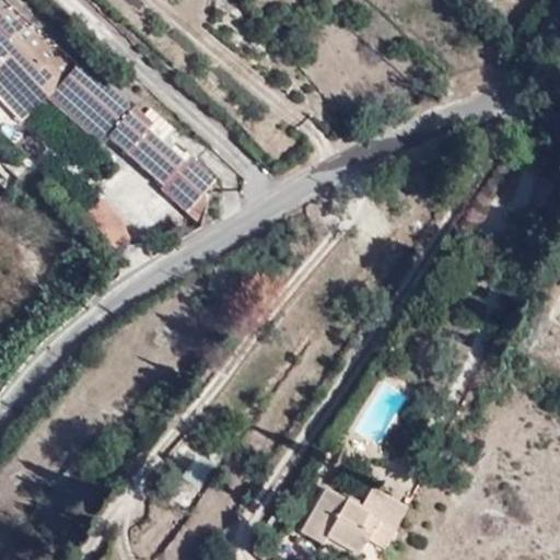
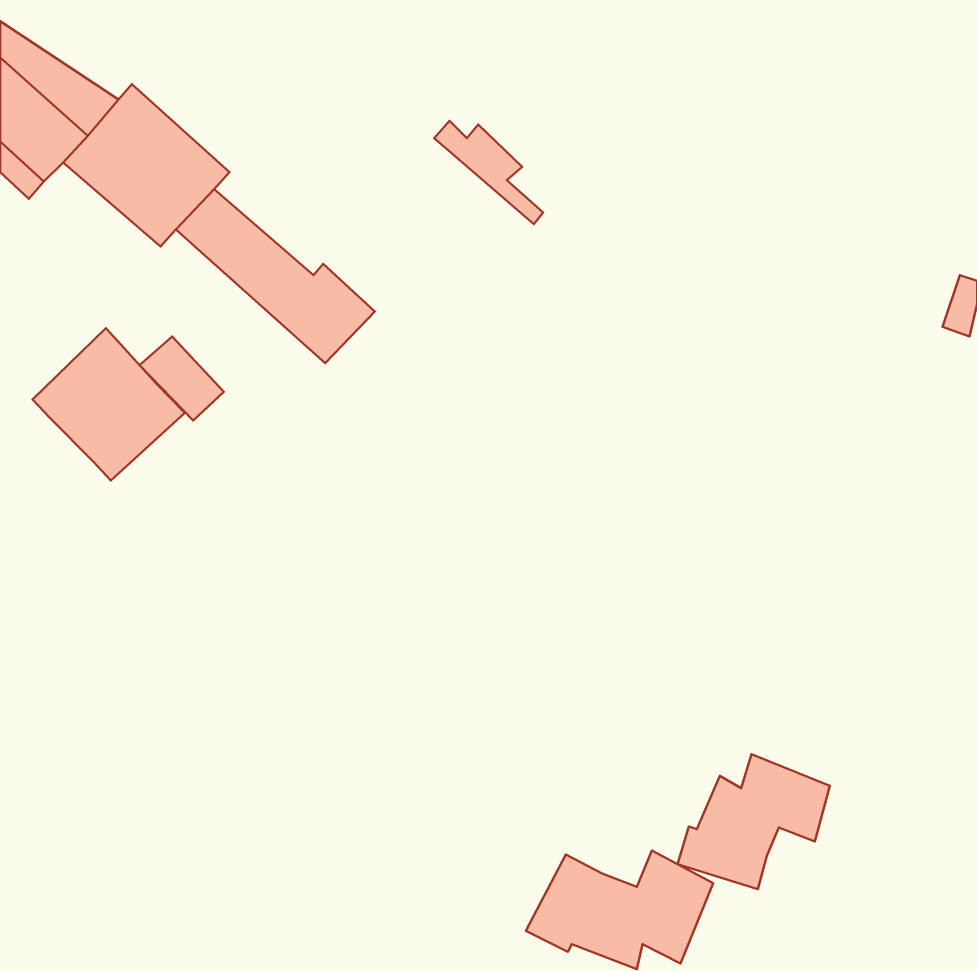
building: [122,98,185,158] -> [434,121,543,224]
building: none -> [32,328,185,480]
building: none -> [678,754,830,889]

